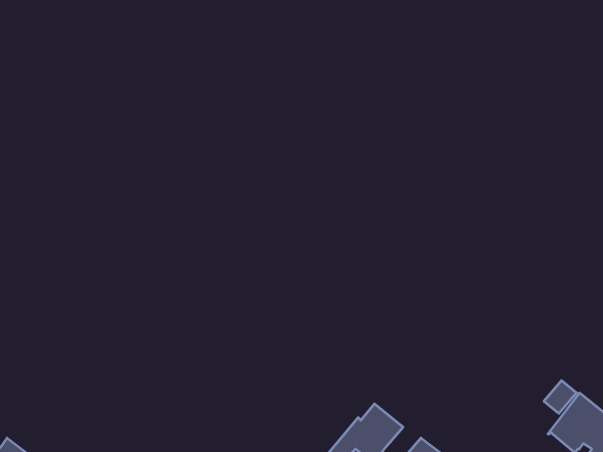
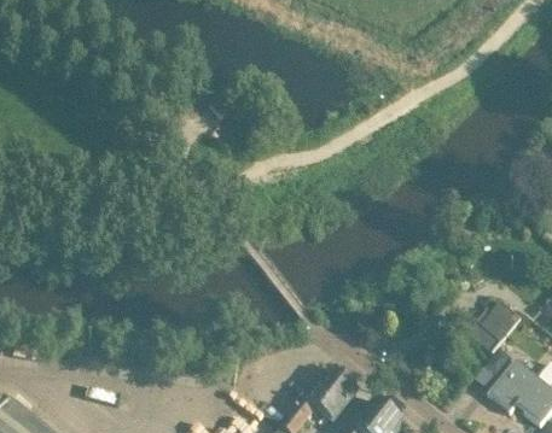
building: none -> [466,302,521,353]

